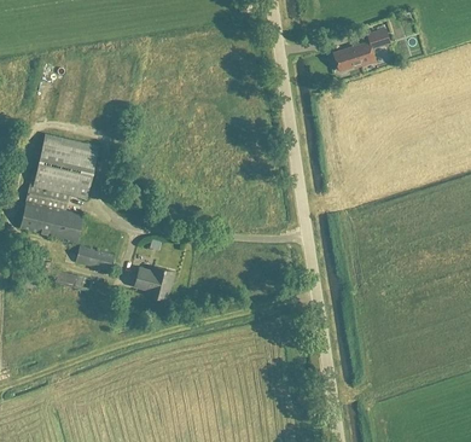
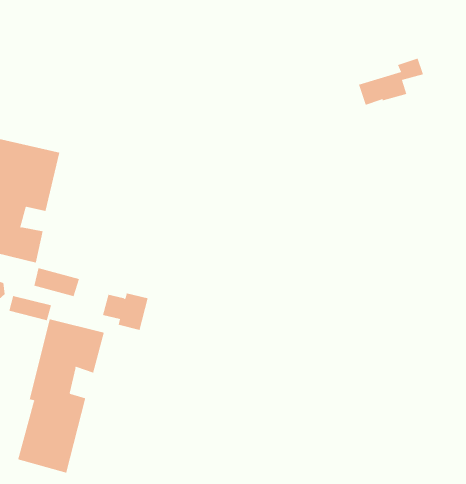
building: [332,29,389,70] -> [358,58,424,105]
building: none -> [18,319,104,474]

